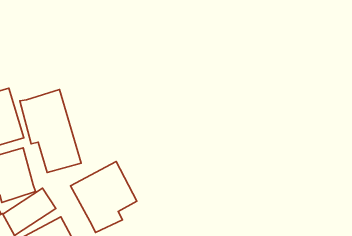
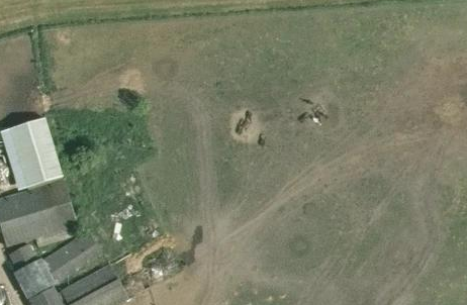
building: [20,90,81,173] -> none
building: [71,161,137,232] -> none

